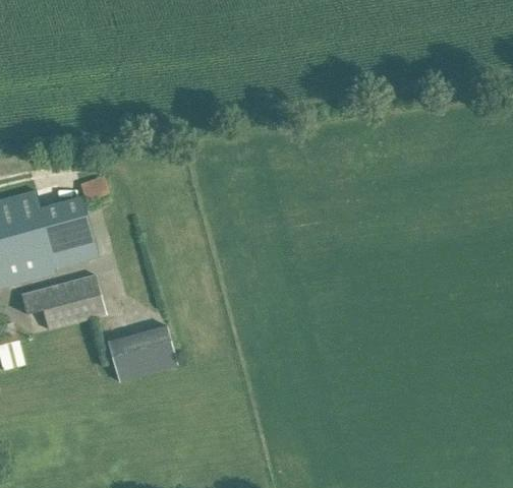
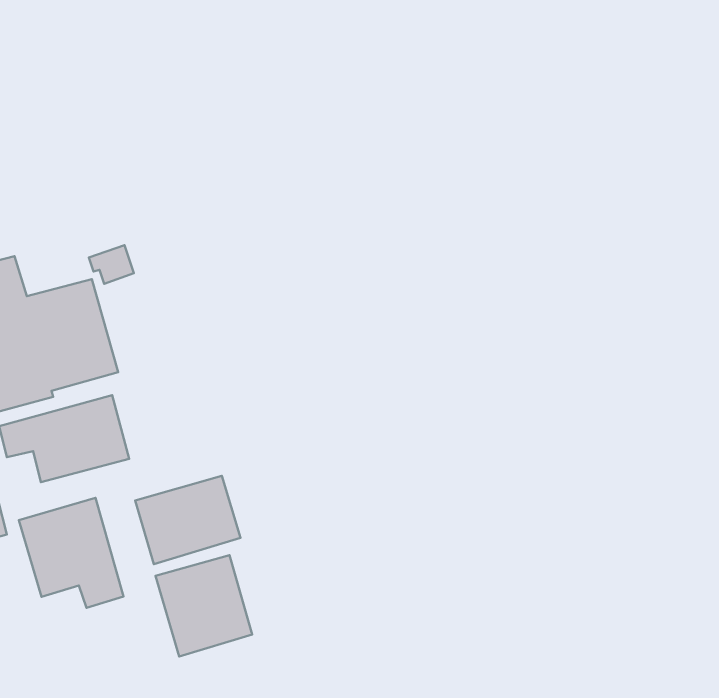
building: none -> [19,498,124,608]
building: none -> [155,555,252,656]

